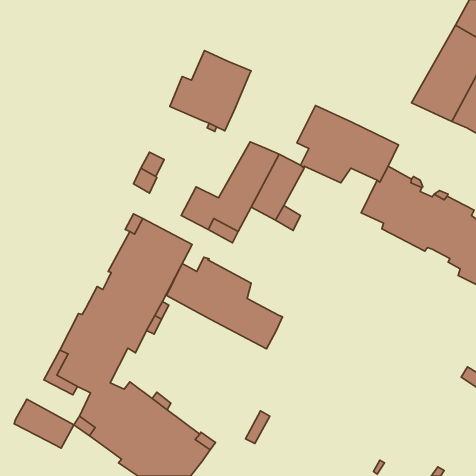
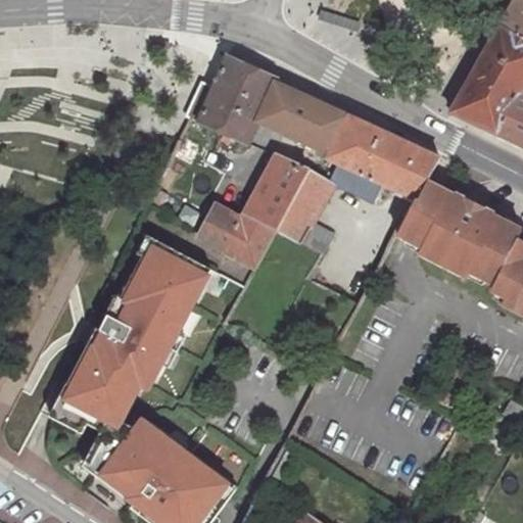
building: none -> [258,82,346,156]
building: [166,257,282,349] -> none
building: [14,399,74,448] -> none

